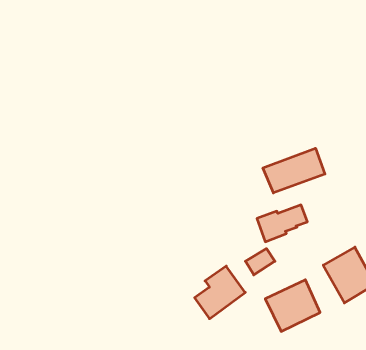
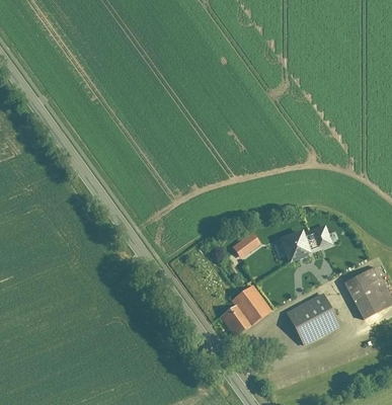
building: [263,148,325,193] -> none
building: [245,249,275,275] -> [233,233,261,258]

